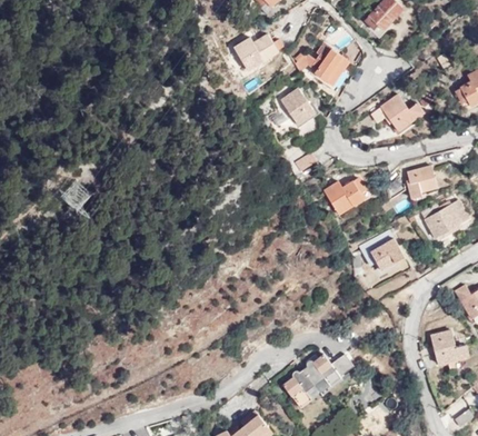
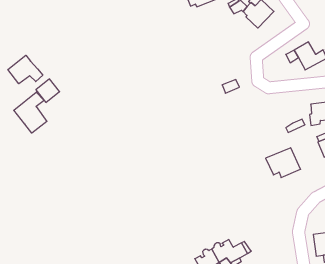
building: [279,89,313,126] -> none
building: none -> [8,55,43,84]
building: [323,178,365,214] -> none
building: none -> [14,92,47,133]

